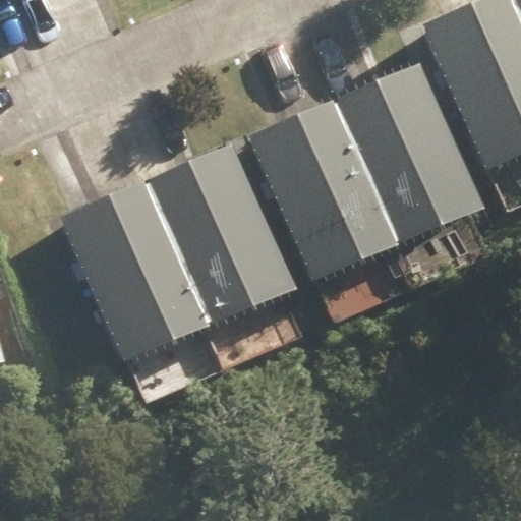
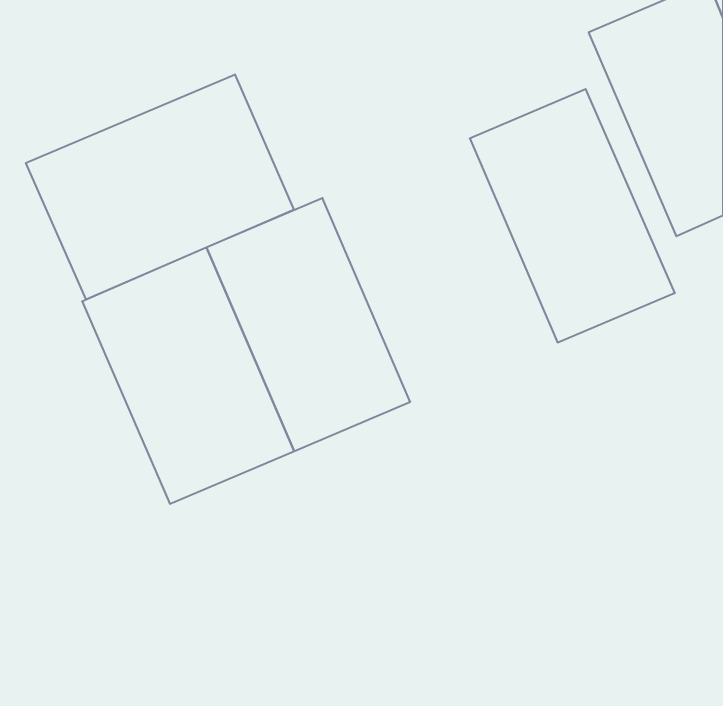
building: none -> [26,74,294,300]
building: [249,100,401,285] -> none

